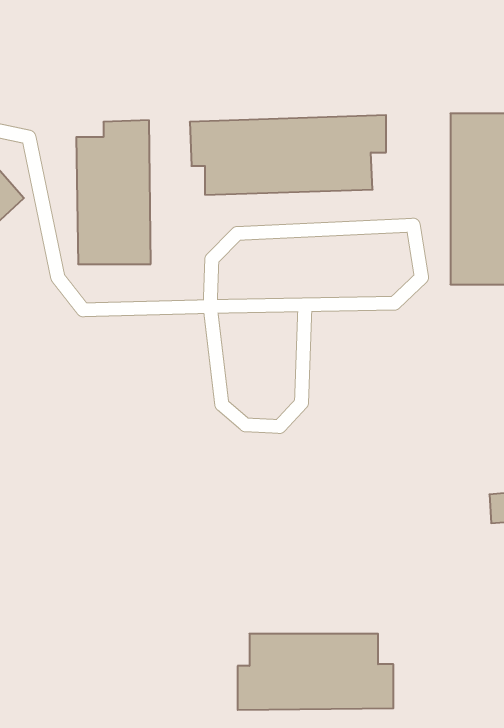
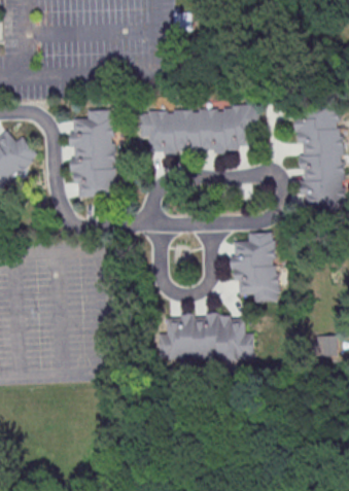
building: none -> [231,234,277,303]
building: [238,634,393,710] -> [159,315,253,361]

